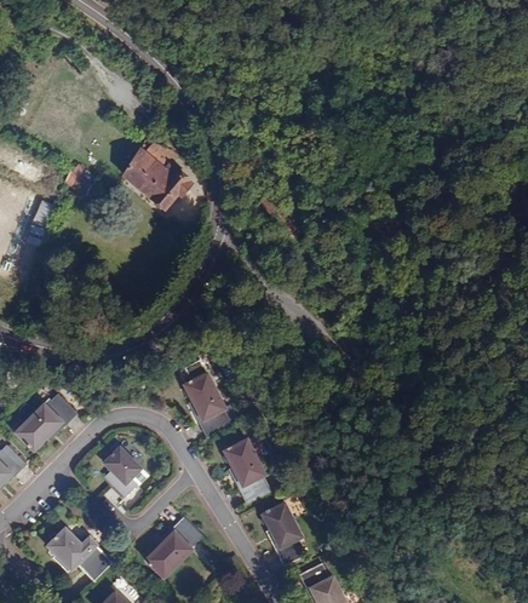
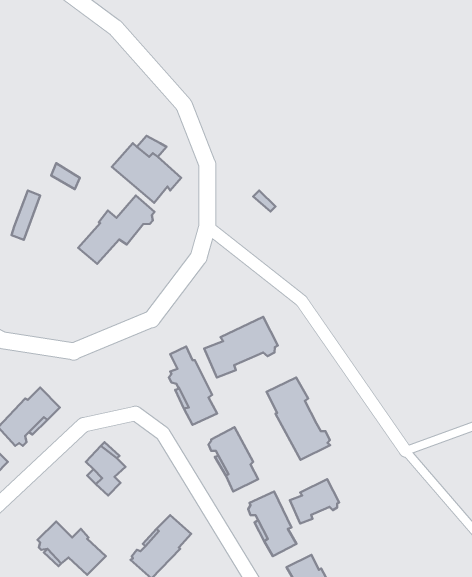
building: none -> [78,196,155,264]
building: none -> [204,317,278,378]
building: none -> [267,377,330,460]
building: none -> [290,479,339,523]

